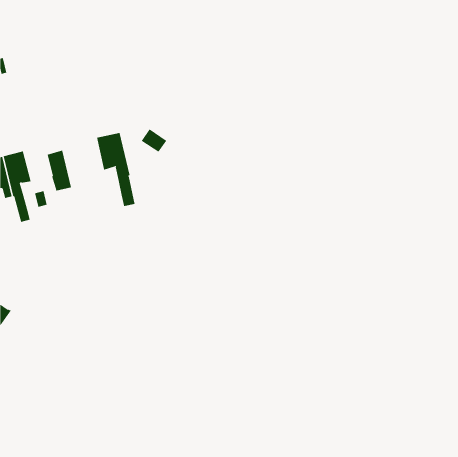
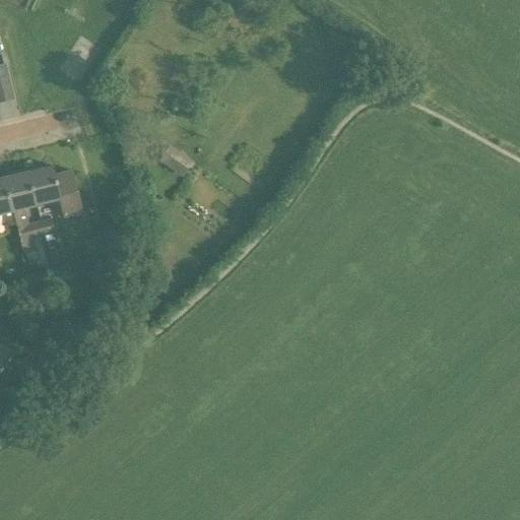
building: [97,132,135,207] -> none
building: none -> [26,166,59,205]

